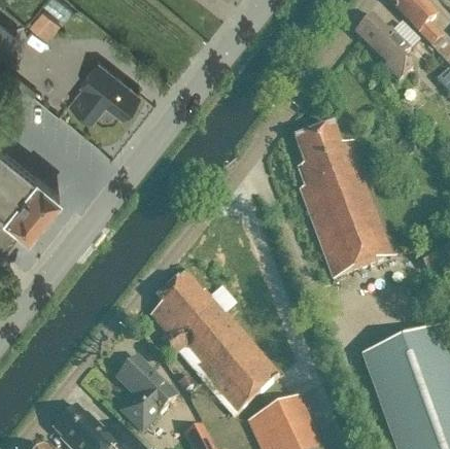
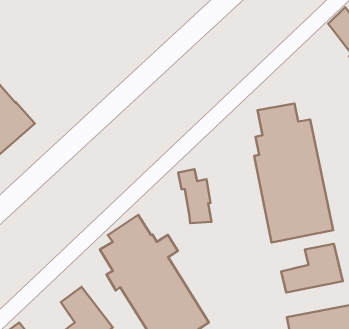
building: [69,56,139,114] -> none
building: none -> [178,169,211,223]
building: none -> [281,244,343,292]

